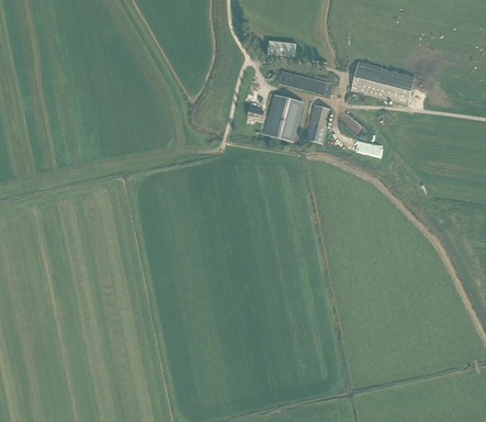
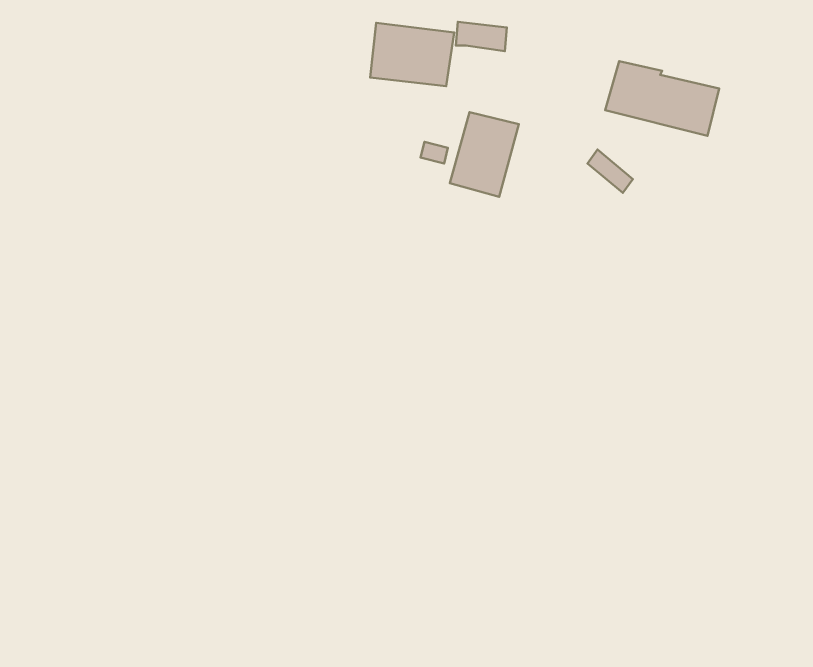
building: none -> [370,23,454,86]
building: [304,104,330,143] -> none

